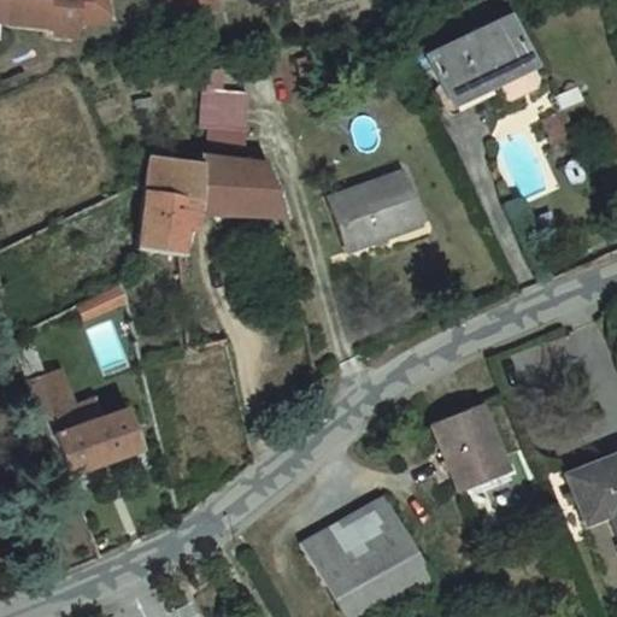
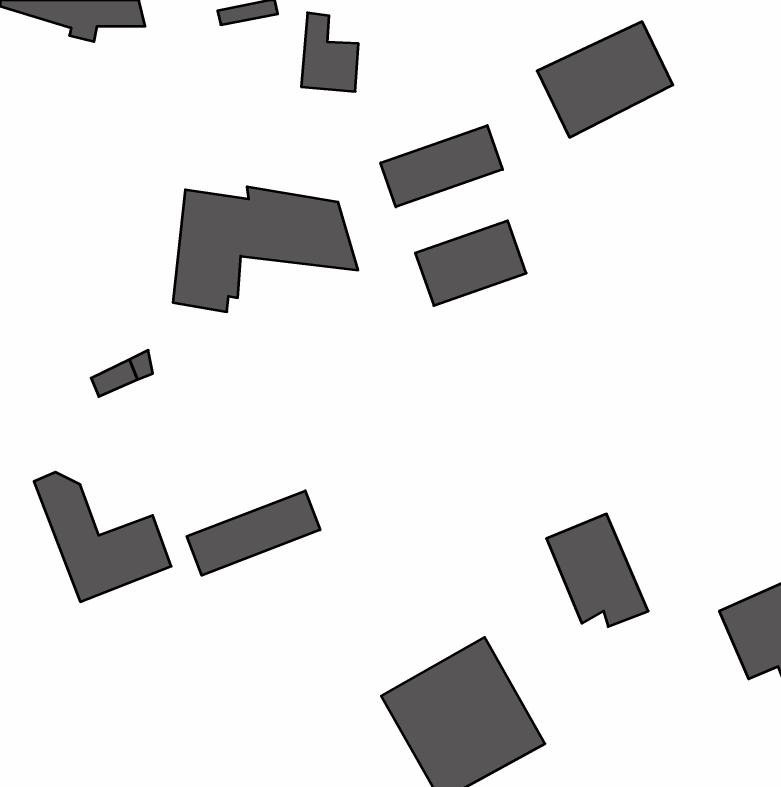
building: [205,71,249,133] -> [301,13,358,91]
building: none -> [381,125,503,207]
building: none -> [187,491,320,575]

